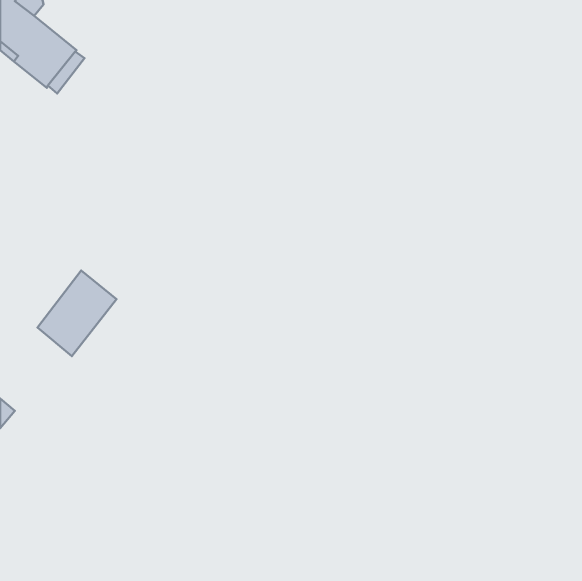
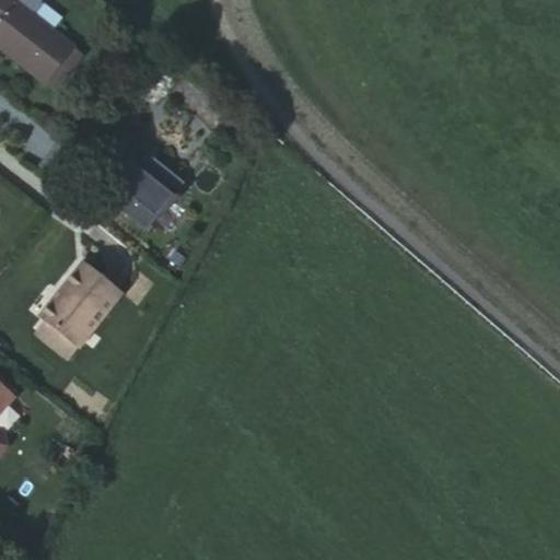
building: none -> [119,163,190,236]

